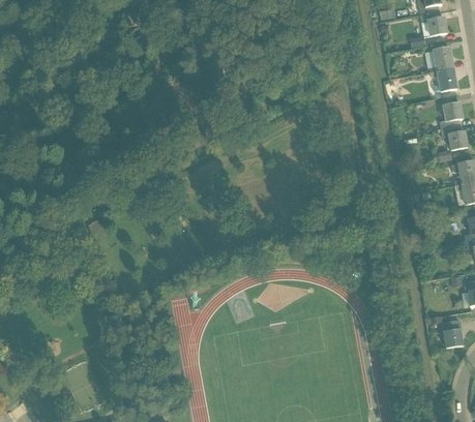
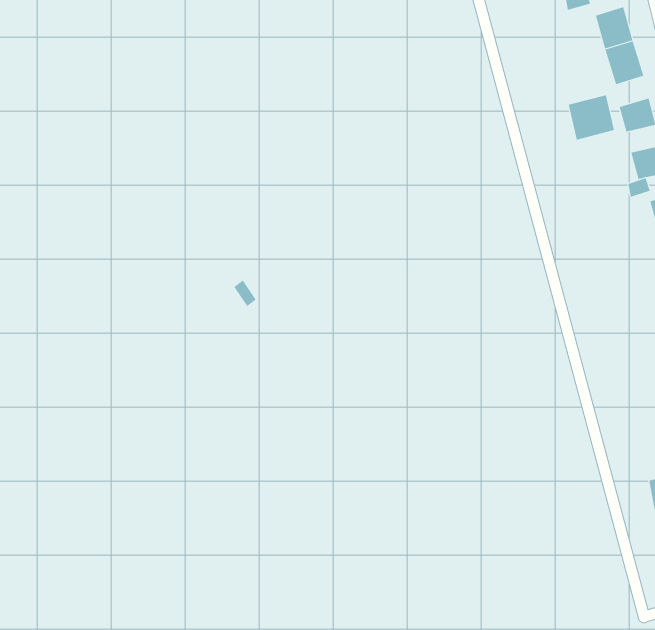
building: none -> [568,94,614,141]

